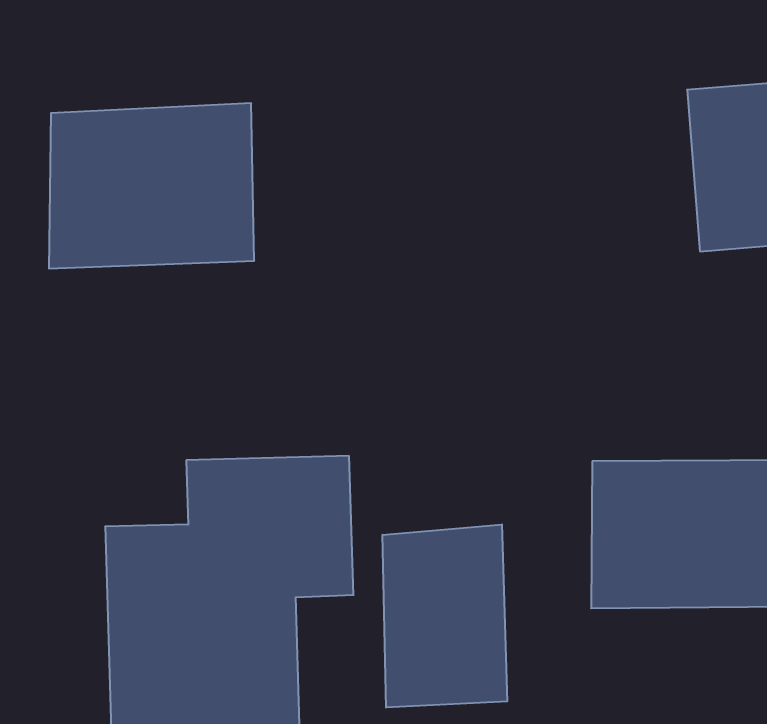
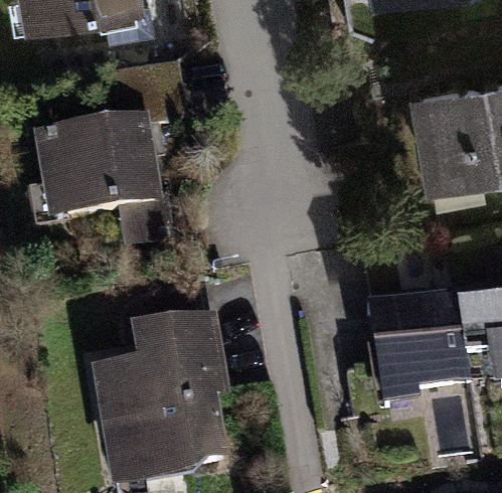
building: [383,524,507,708] -> none

